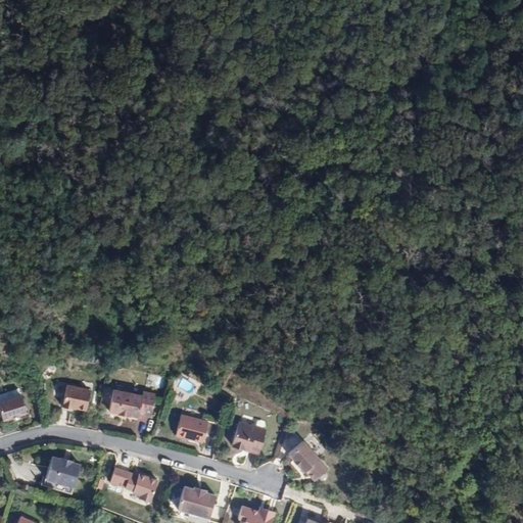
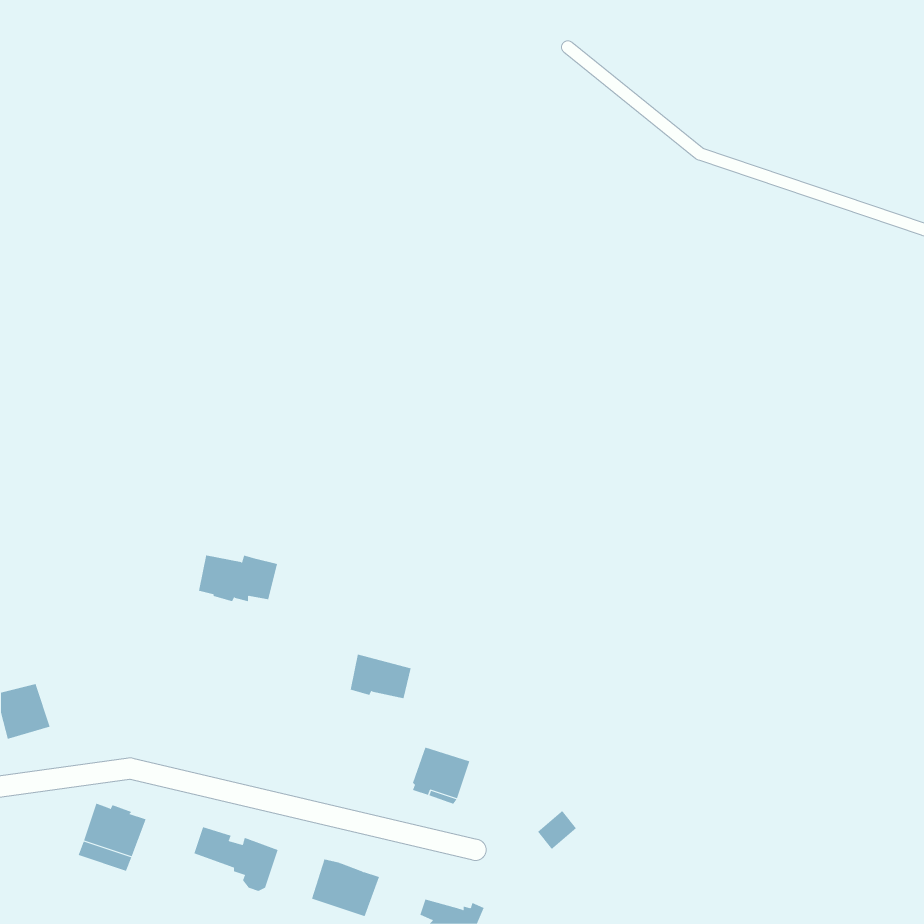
building: [64,382,91,406] -> none
building: [109,390,154,417] -> [198,555,278,602]
building: [176,415,210,440] -> [350,654,411,699]
building: [287,440,318,470] -> none

